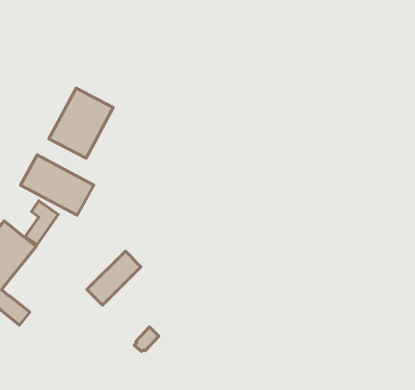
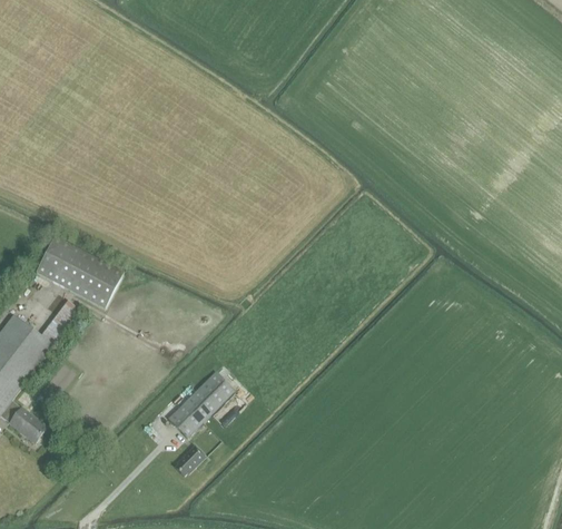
building: [49,88,113,158] -> none
building: [87,251,141,305] -> [166,371,231,437]

